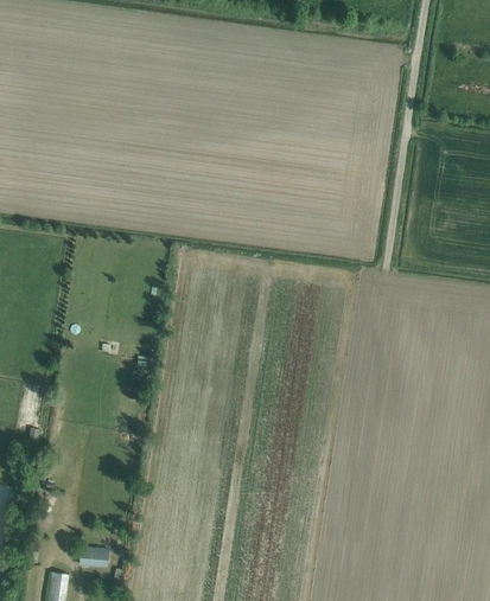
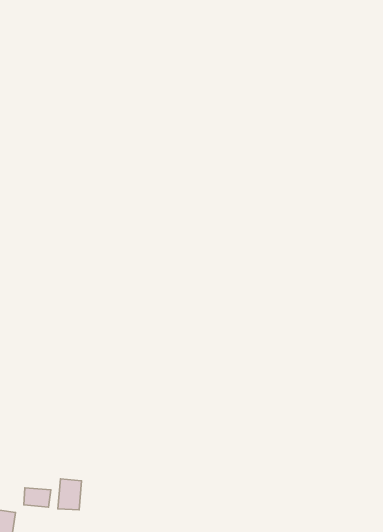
building: none -> [58,479,82,510]

